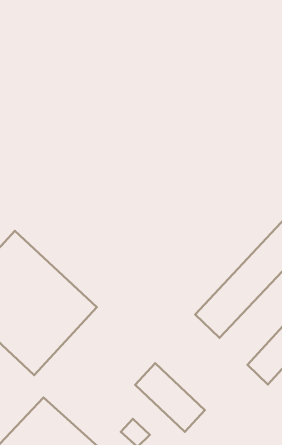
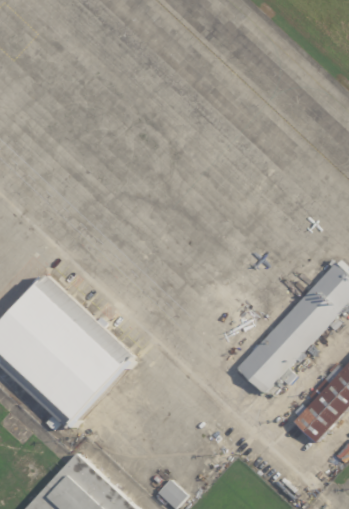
building: [135,363,205,432] -> none

